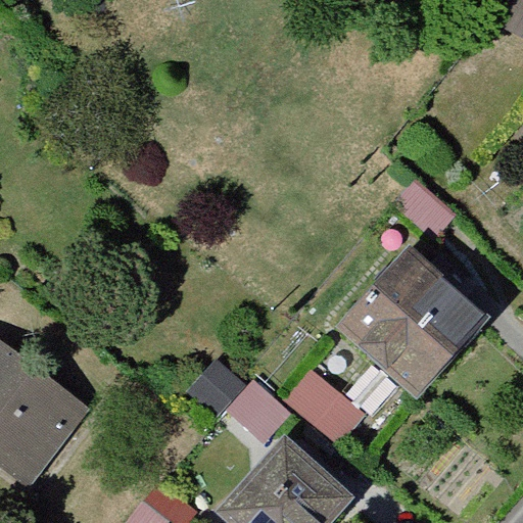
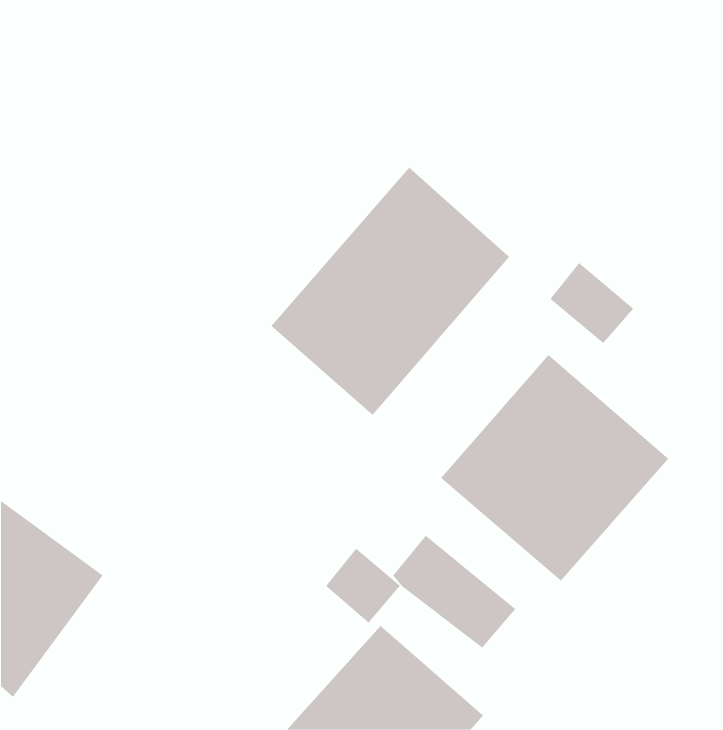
building: none -> [270,167,510,416]

